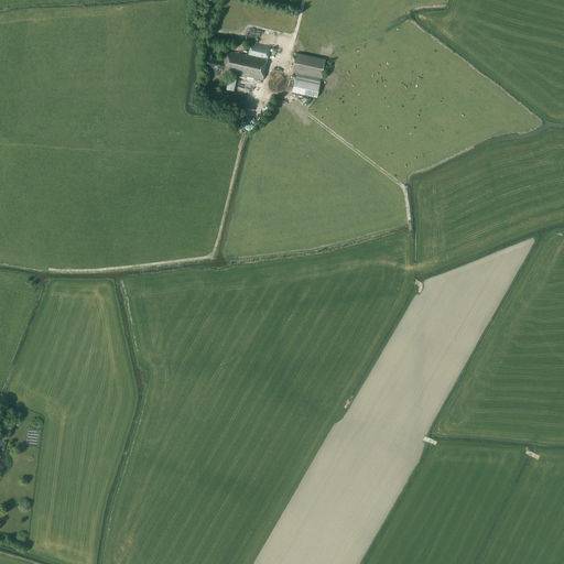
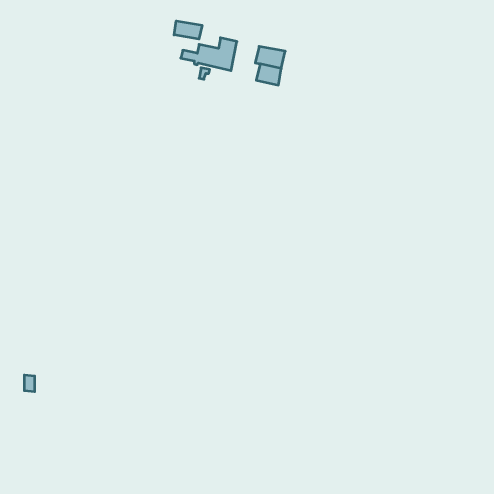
building: none -> [174,21,202,39]

